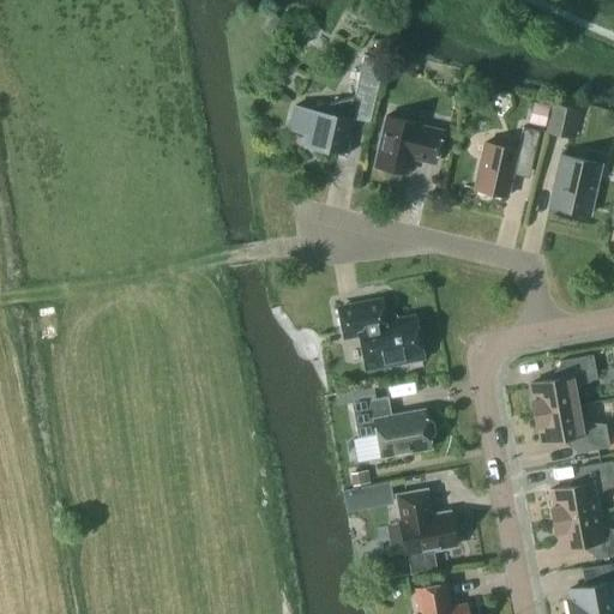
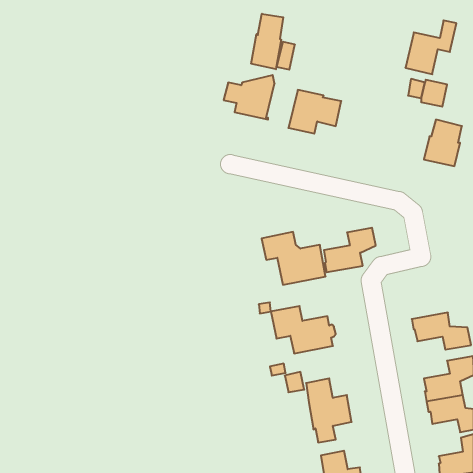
building: none -> [251,14,283,69]
building: [474,128,540,198] -> [405,20,456,74]
building: [530,356,597,414] -> [324,228,376,272]

